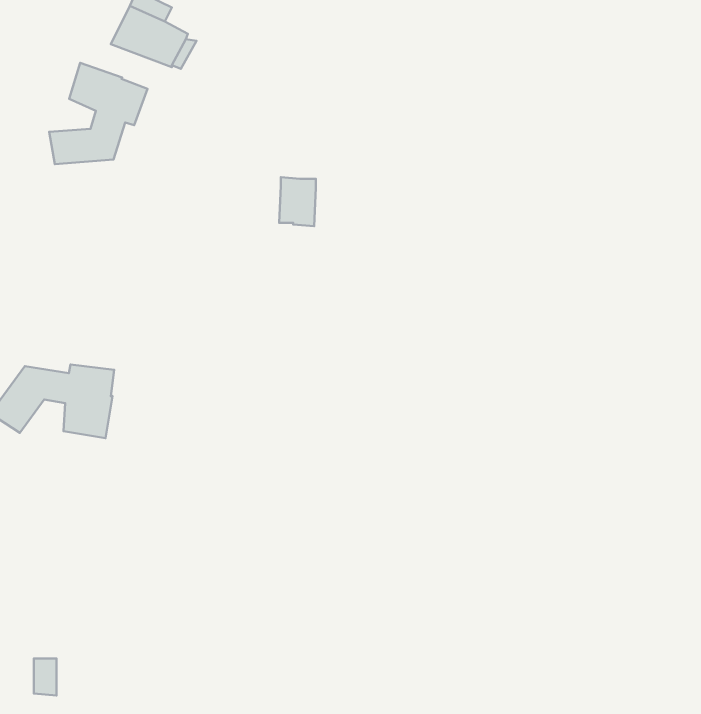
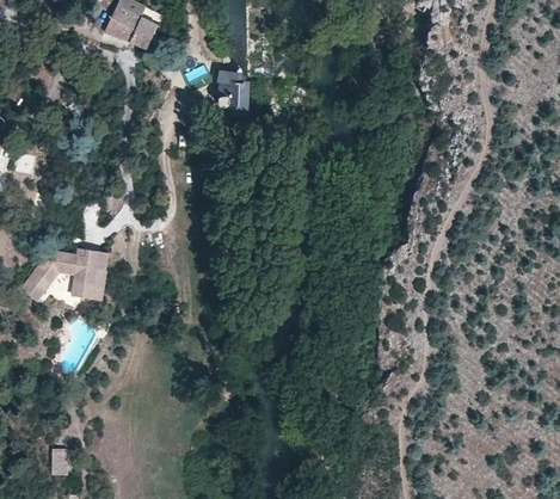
building: [49,63,147,164] -> none
building: [279,177,316,226] -> [220,75,245,109]

